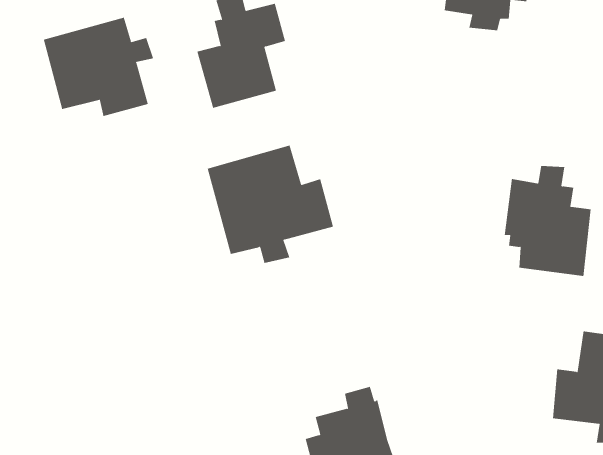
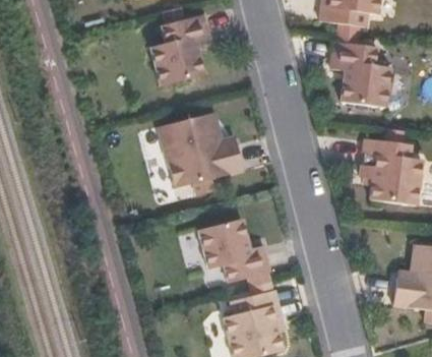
building: [43,17,154,117] -> none
building: none -> [331,32,390,106]
building: none -> [197,219,269,286]

